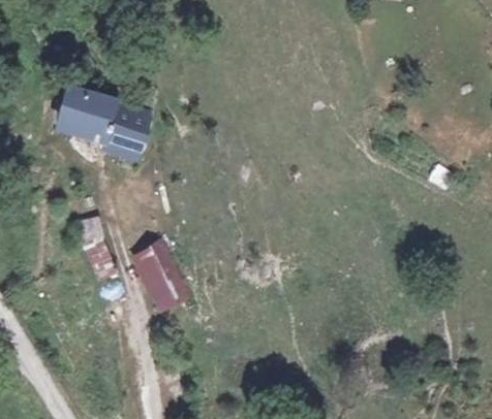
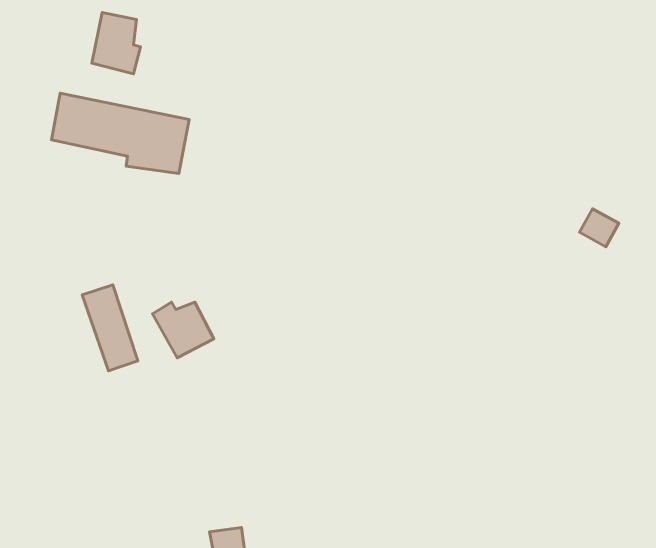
building: none -> [92,13,140,74]
building: [146,265,188,308] -> none

